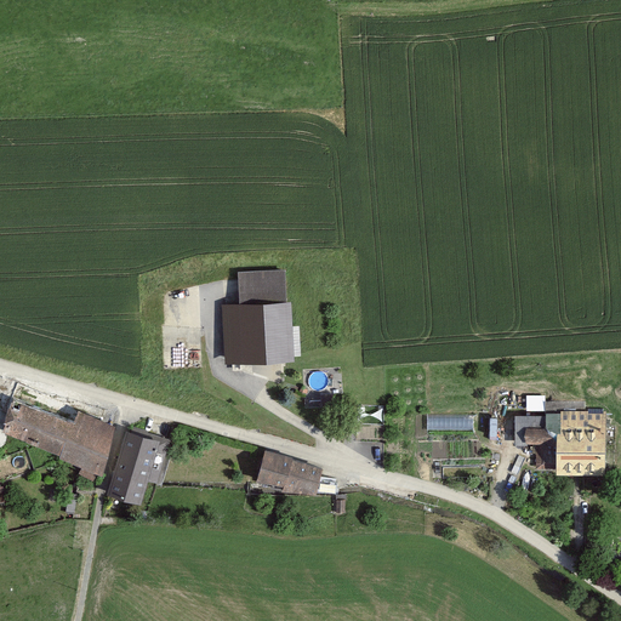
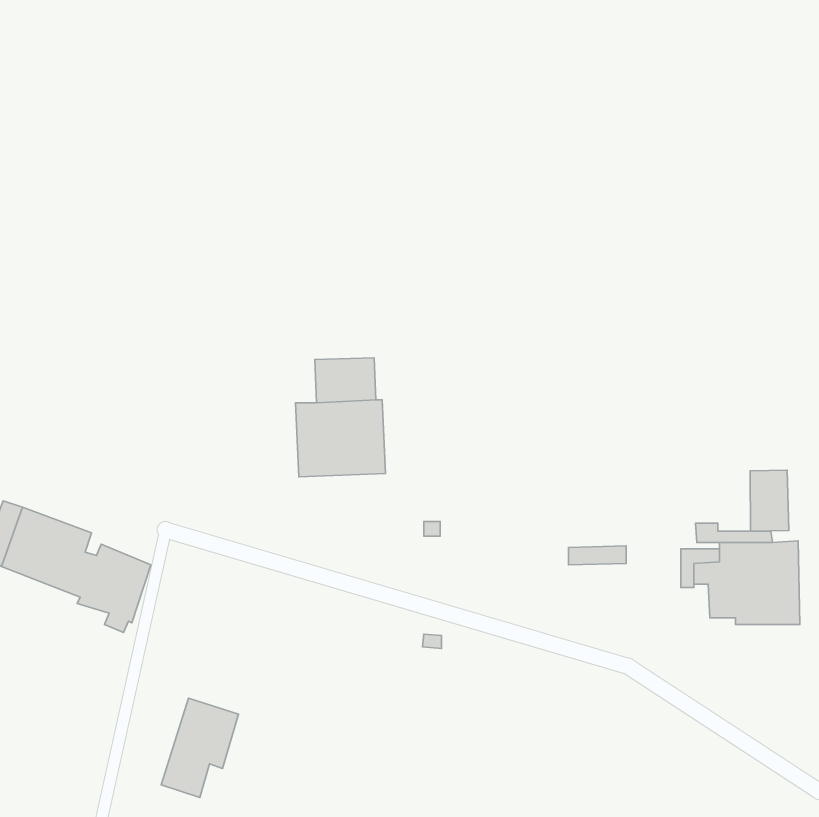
building: none -> [750,470,789,531]
building: [109,429,167,505] -> [161,698,238,798]
building: [257,455,320,494] -> none

